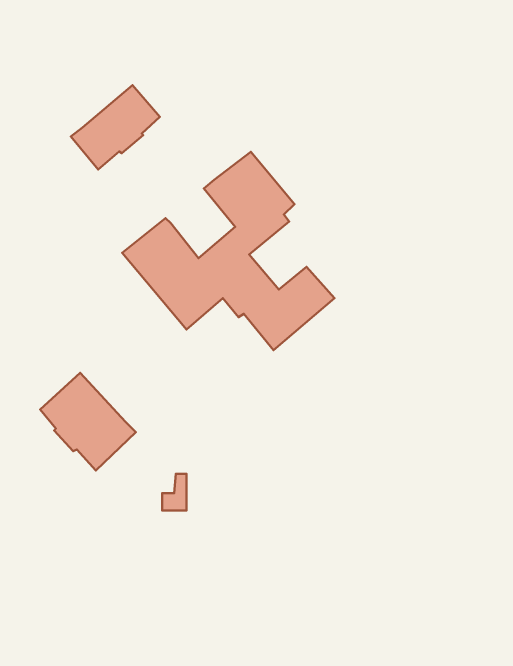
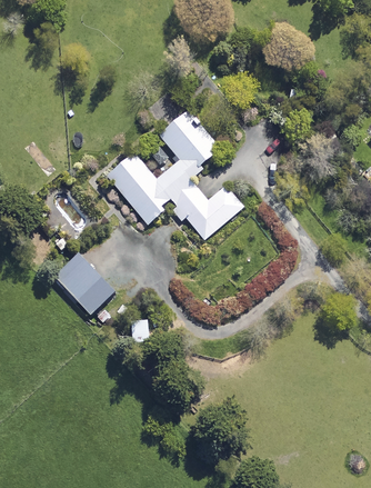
building: [71,85,160,170] -> none

